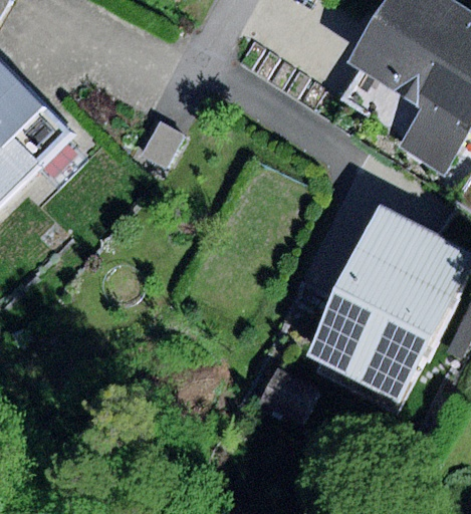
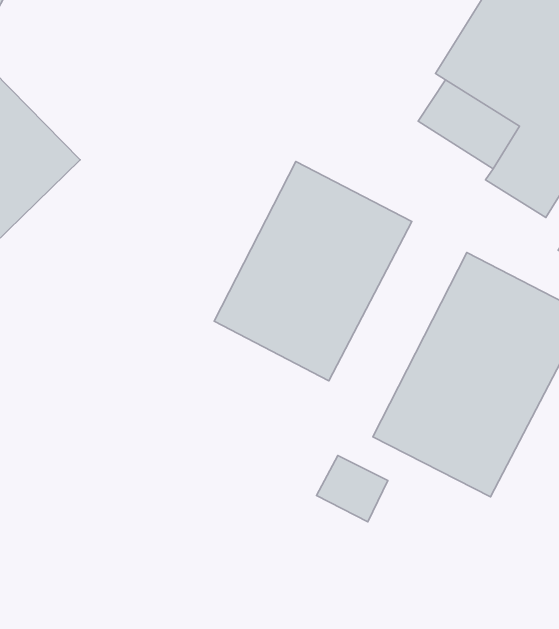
building: none -> [214,162,412,381]

